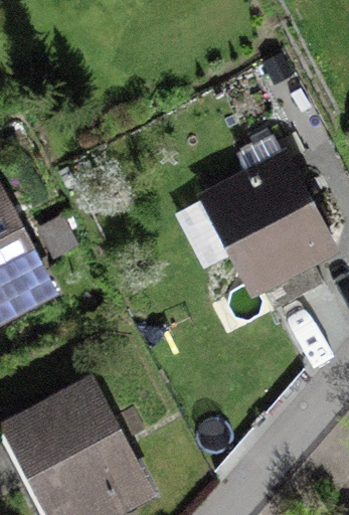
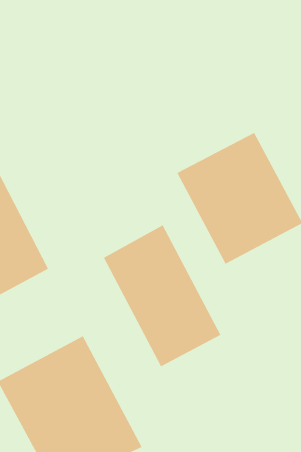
building: none -> [103,225,221,367]

